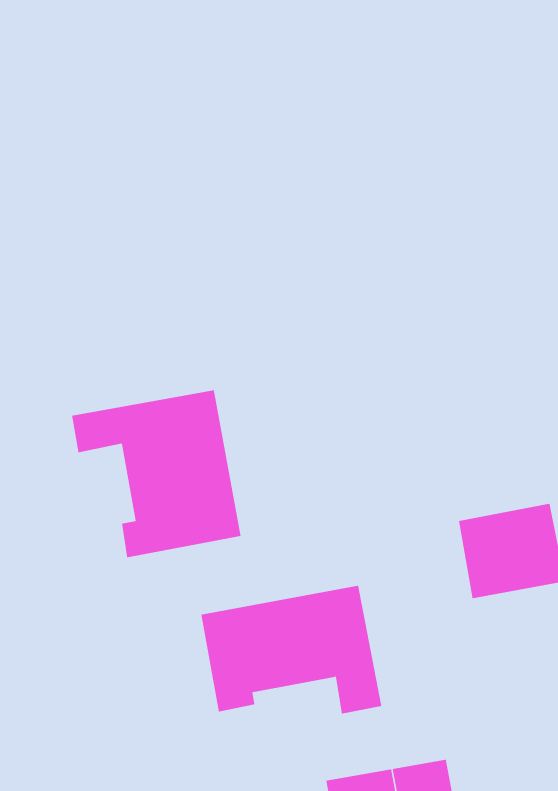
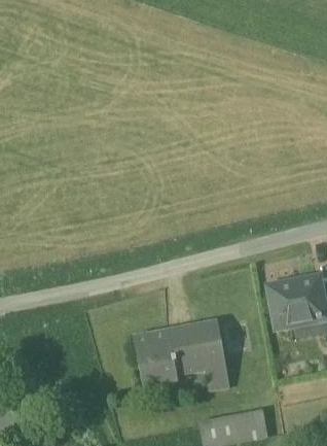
building: [71,390,241,558] -> none

